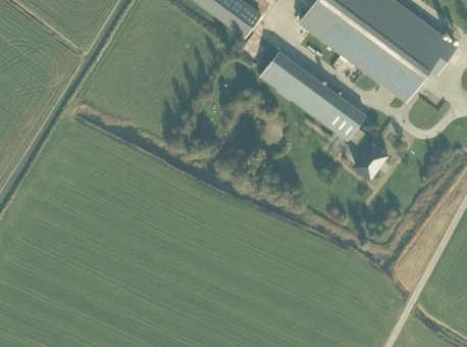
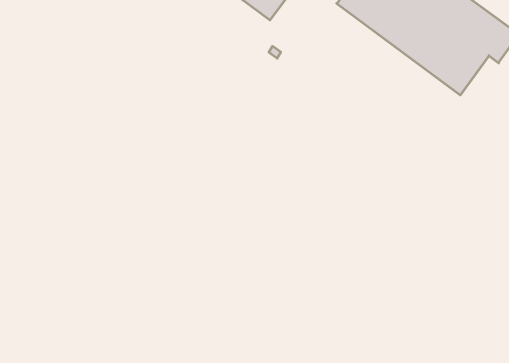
building: [259,51,386,177] -> none

